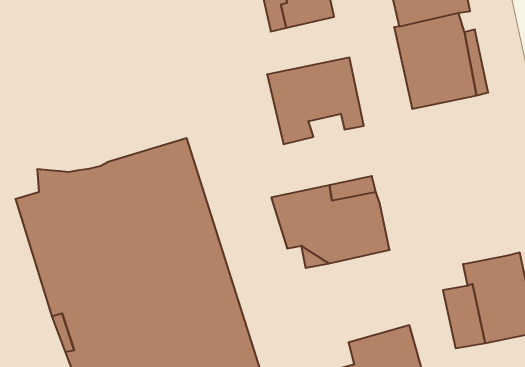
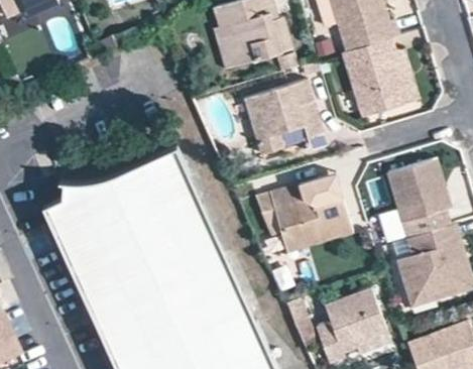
building: none -> [385,157,450,236]

